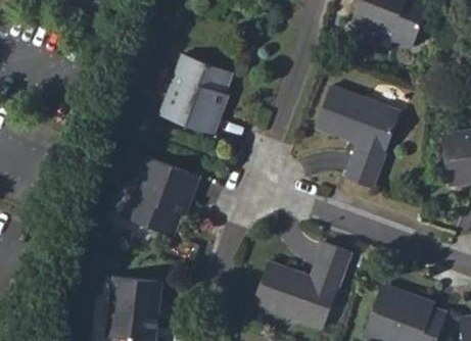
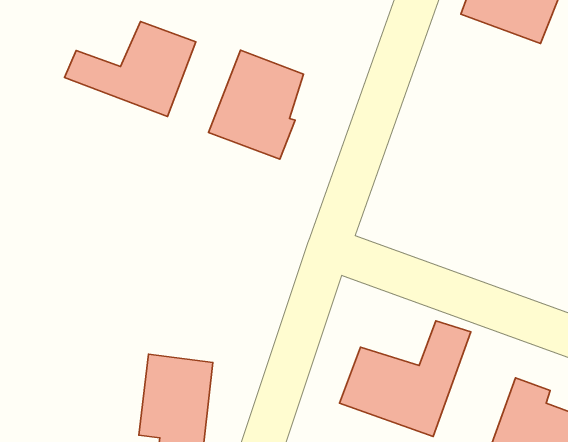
building: none -> [64,21,196,116]
building: [313,85,396,187] -> none
building: [106,157,197,237] -> none

